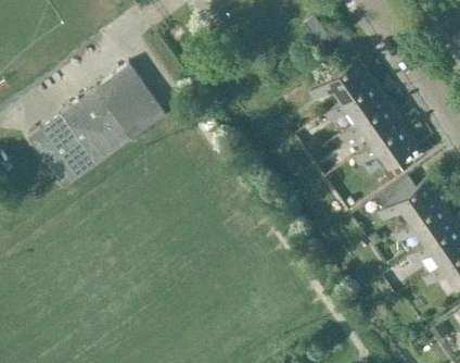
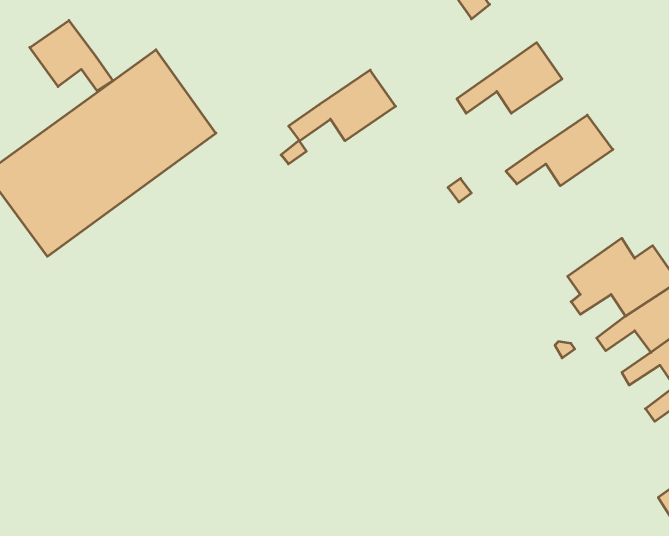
building: none -> [30,20,113,91]
building: [323,82,387,124] -> [289,70,396,141]
building: [354,124,418,168] -> none

